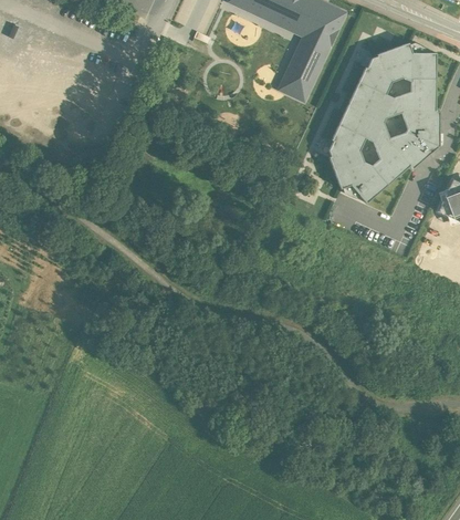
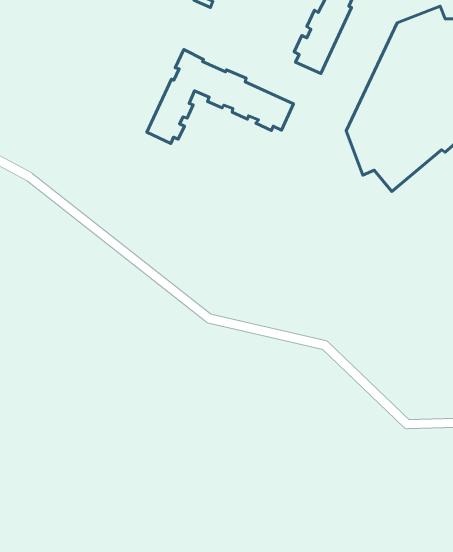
building: none -> [147,50,294,144]

